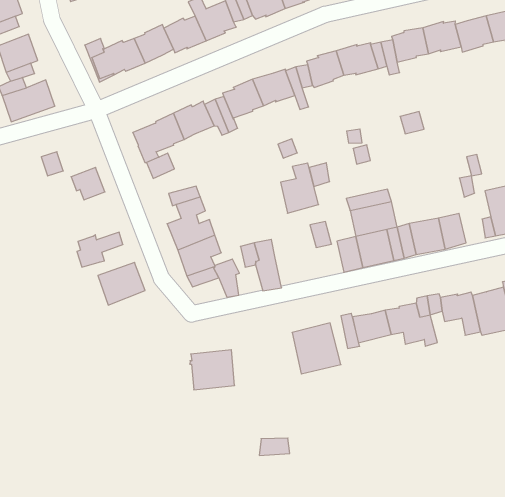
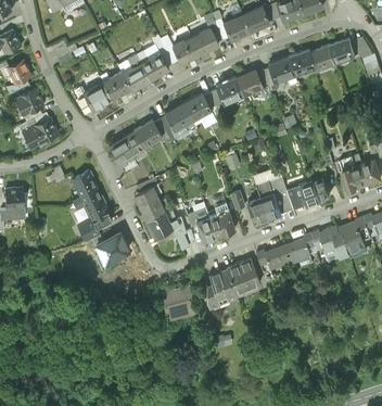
building: [281,163,319,213] -> [208,203,234,237]
building: none -> [81,187,106,218]
building: none -> [205,265,234,302]

